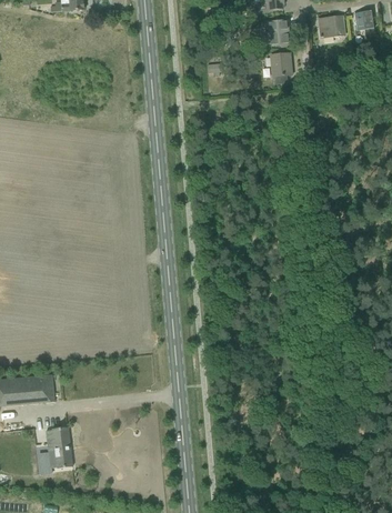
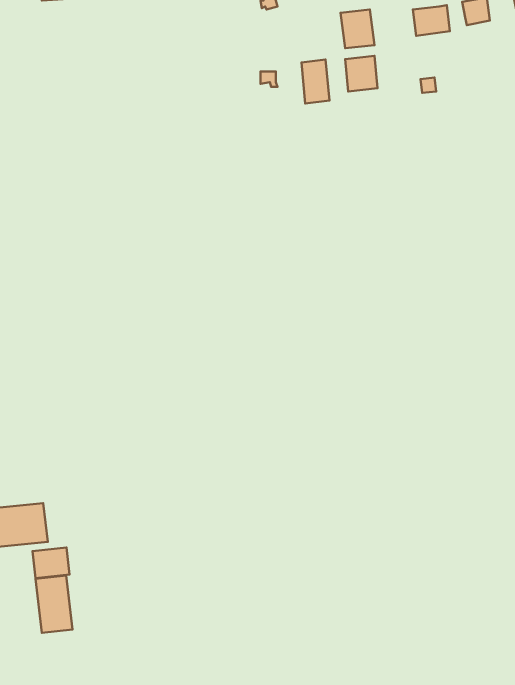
building: none -> [301,59,329,103]
building: none -> [32,548,69,578]

